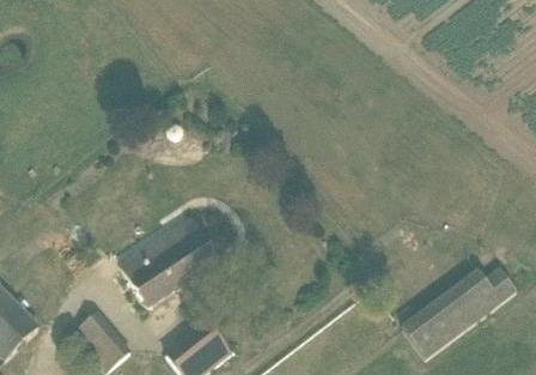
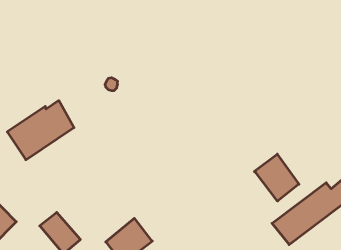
building: [121,219,215,303] -> [7,101,74,160]
building: none -> [255,154,299,201]

